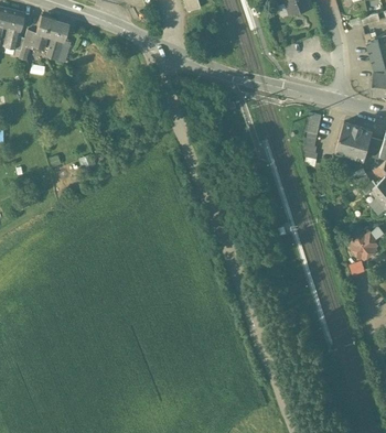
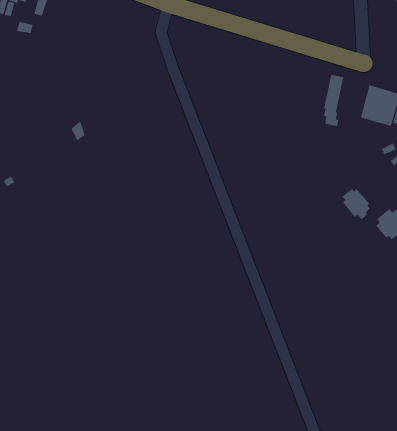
building: none -> [341,188,370,220]

